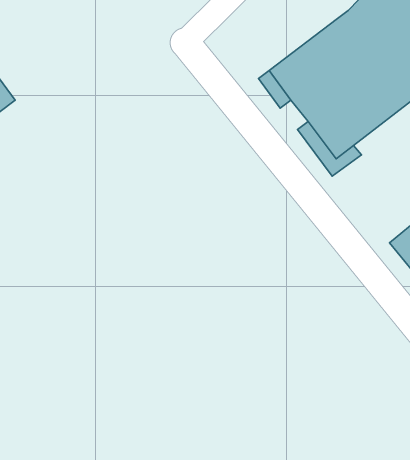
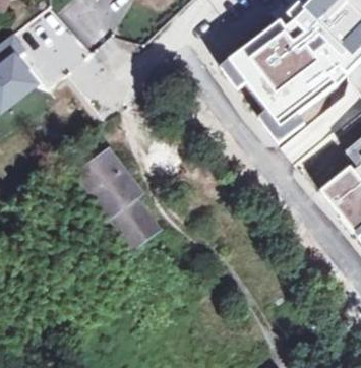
building: none -> [78,149,158,252]

